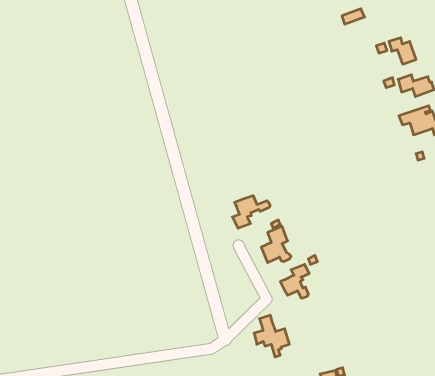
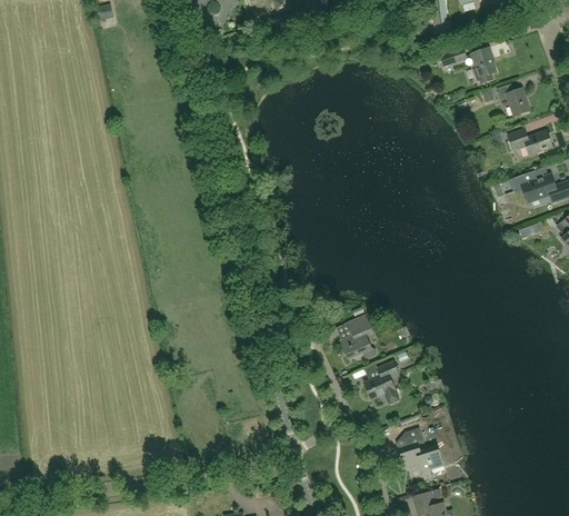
building: none -> [470,48,496,85]
building: [232,196,270,228] -> none
building: [254,315,289,357] -> [399,427,442,478]

